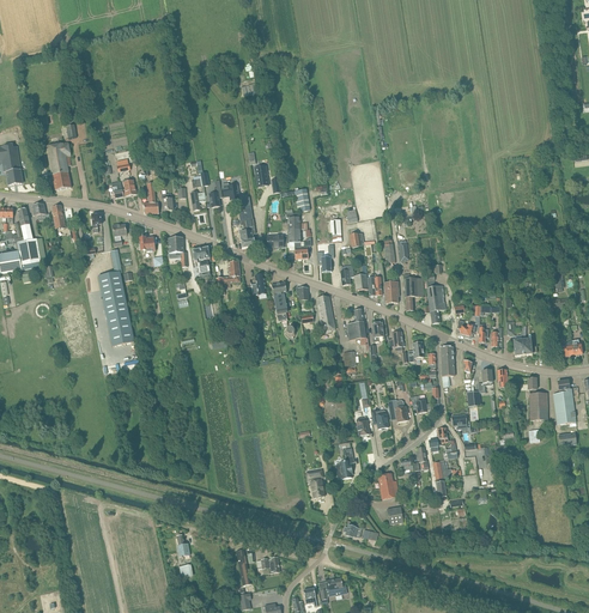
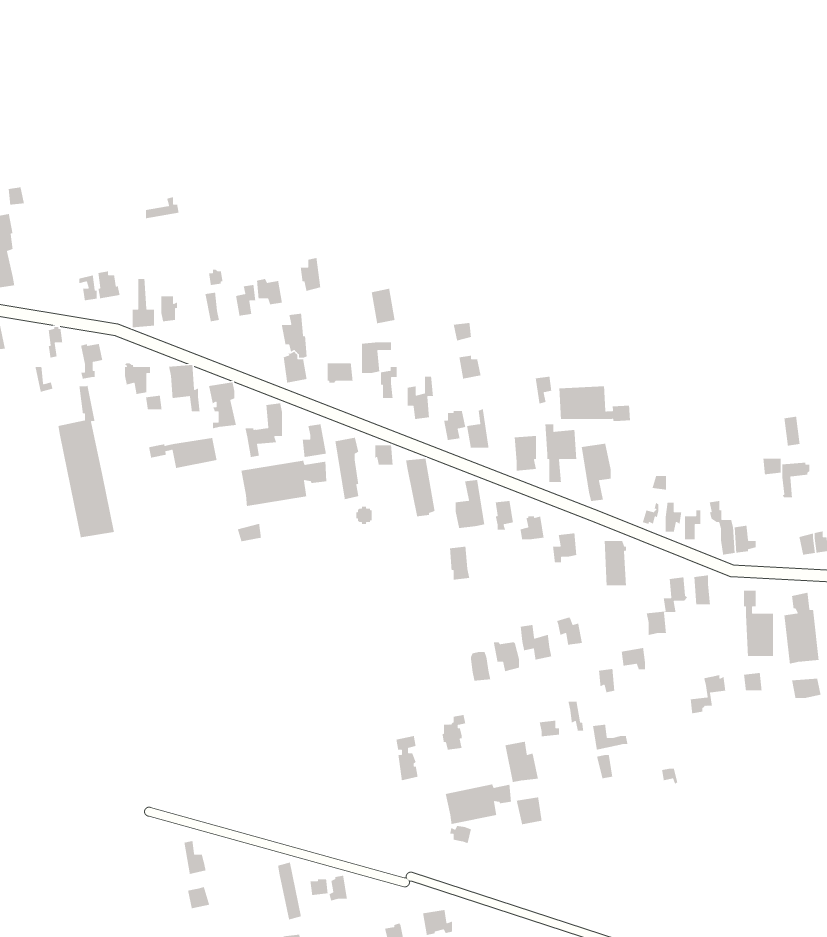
building: none -> [559,385,631,422]
building: none -> [148,437,218,469]
building: none -> [241,460,327,507]
building: none -> [445,783,512,825]

